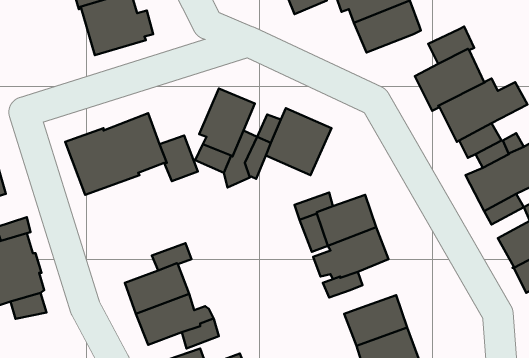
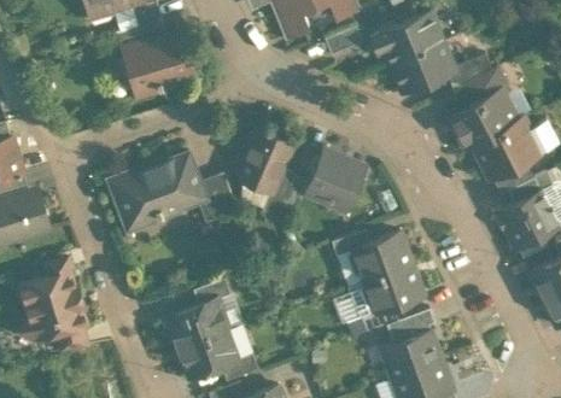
building: none -> [448,54,492,89]
building: none -> [386,308,436,343]

